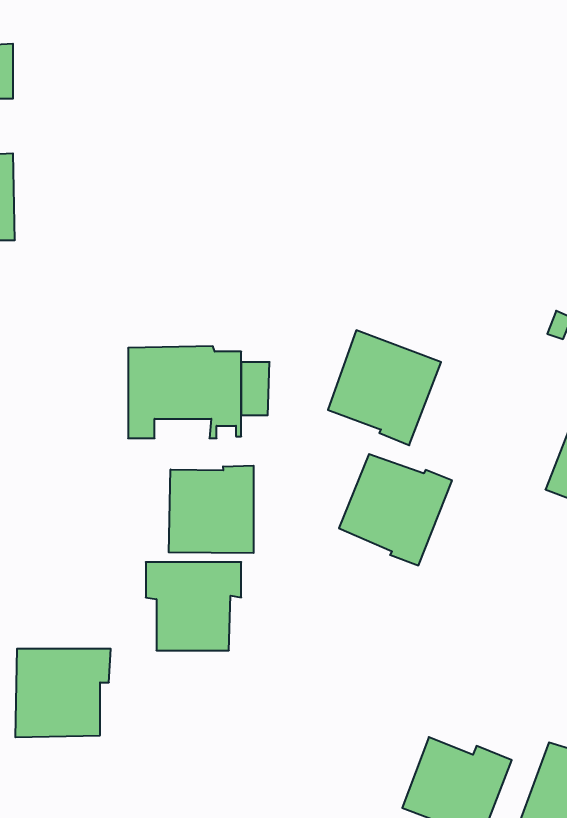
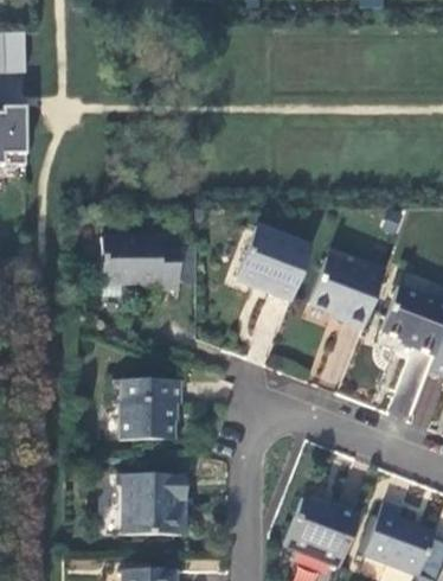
building: [339,454,452,565] -> [310,251,386,326]
building: [169,466,254,553] -> none
building: [15,649,111,737] -> [121,475,185,535]

